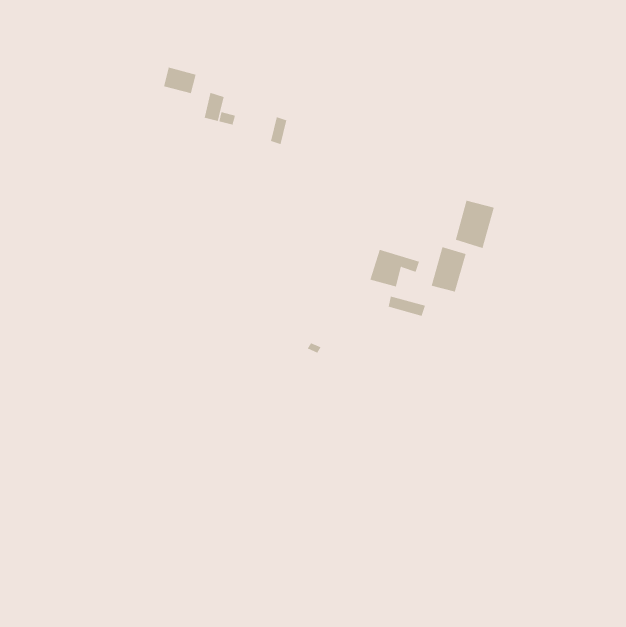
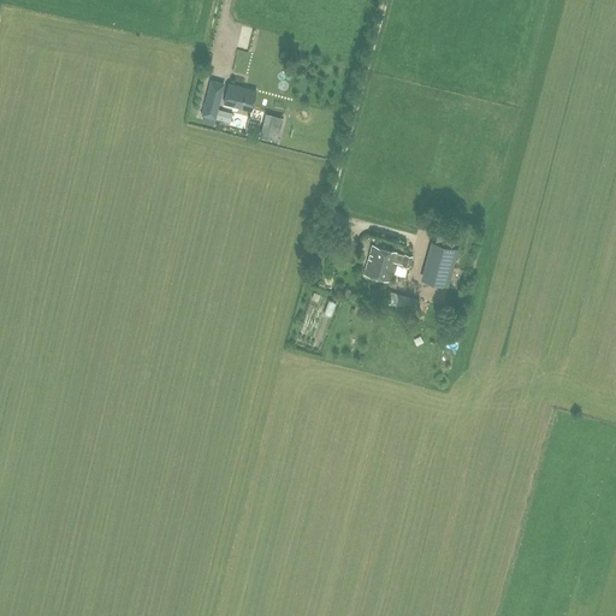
building: [163,67,196,94] -> [223,84,255,111]
building: [455,200,495,249] -> none

